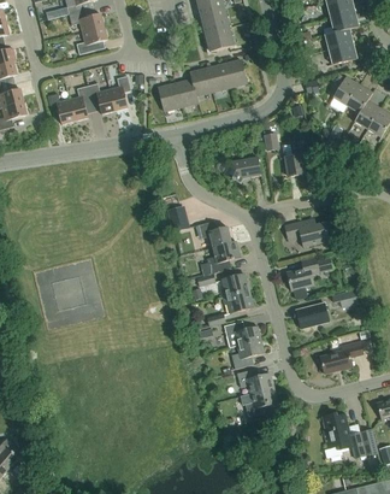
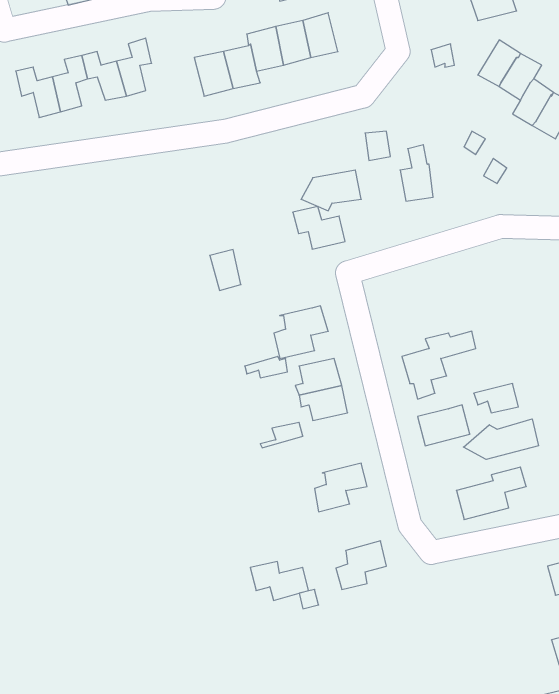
building: [285,218,330,246] -> none
building: [199,220,231,247] -> [293,206,345,249]
building: none -> [463,419,538,459]
building: [224,320,261,347] -> none
building: [237,369,273,393] -> [250,562,309,600]
building: [323,412,378,458] -> none

